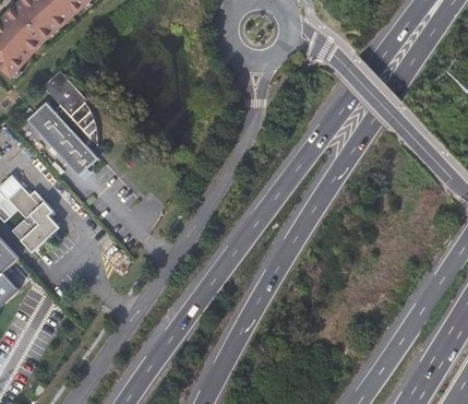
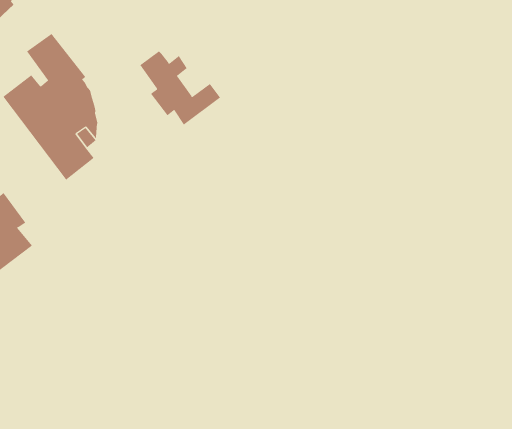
building: none -> [139,51,221,125]

